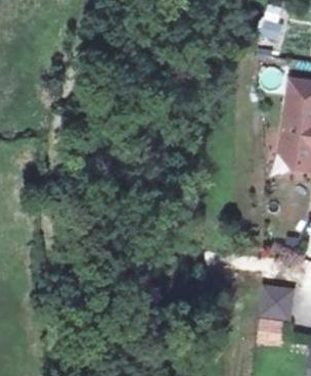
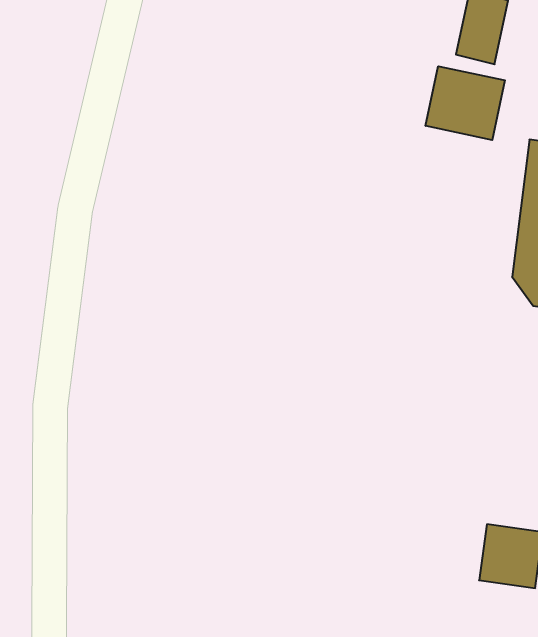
building: none -> [426,66,505,140]

